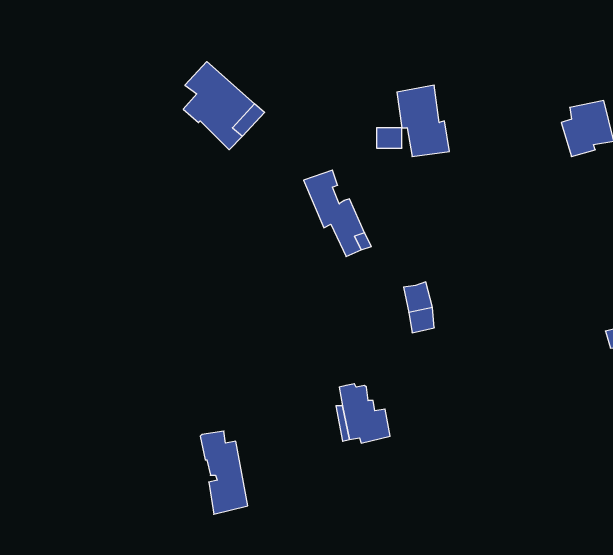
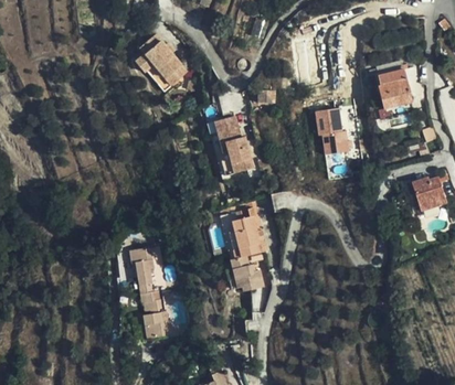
building: [397,85,449,157] -> [316,104,350,150]
building: none -> [233,215,264,256]
building: none -> [134,249,160,287]

